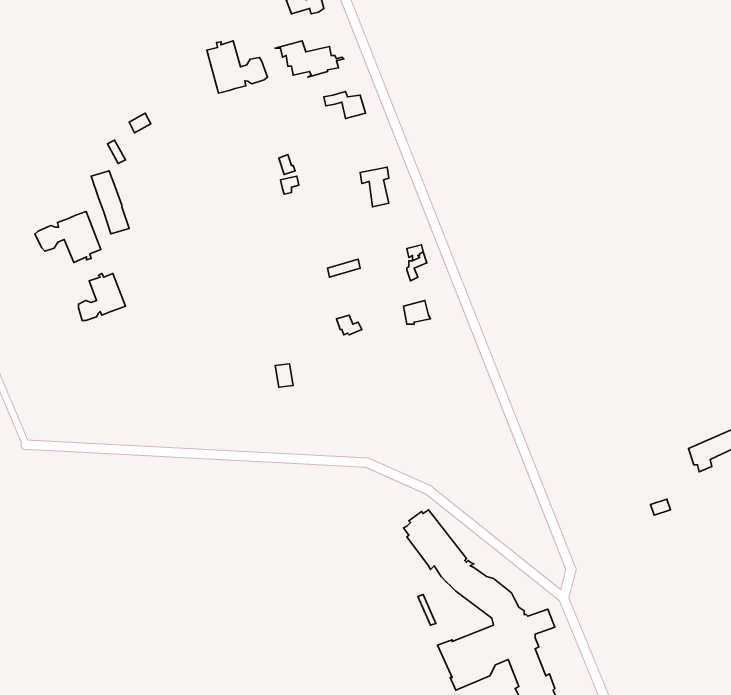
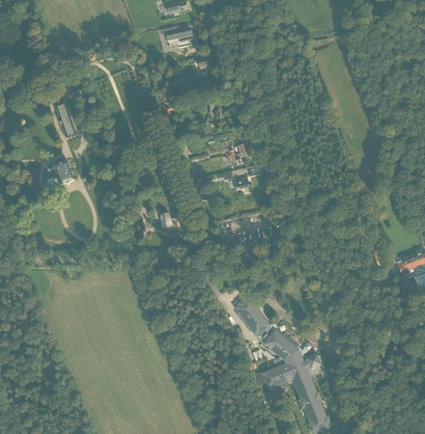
building: [207,41,268,93] -> none
building: [35,211,101,262] -> none

